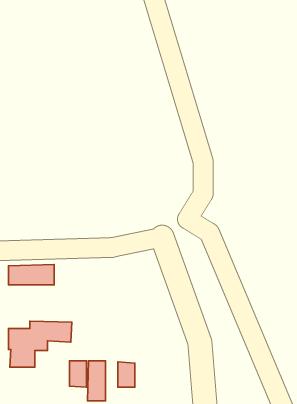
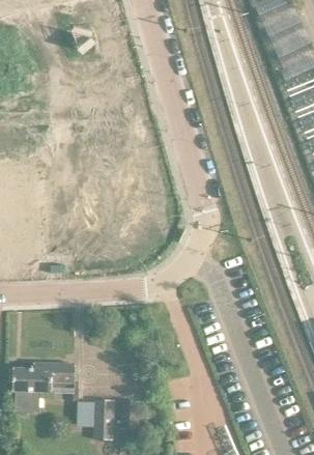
building: [9,265,54,285] -> none

